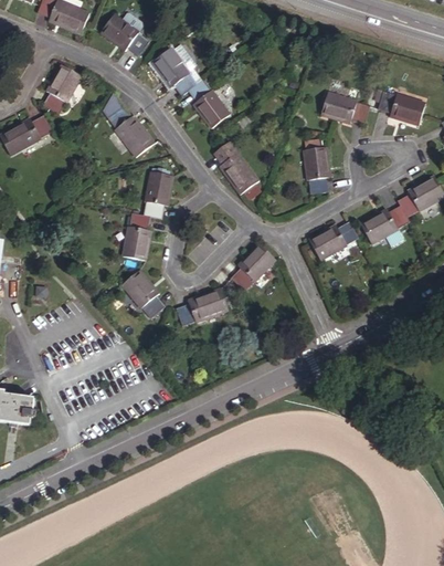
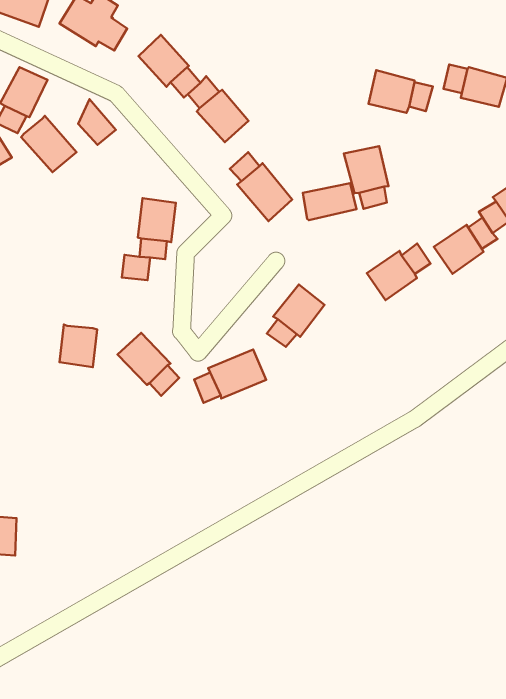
building: [116,115,156,157] -> [21,116,76,172]
building: none -> [303,183,356,220]
building: [120,226,150,259] -> [60,325,97,367]

